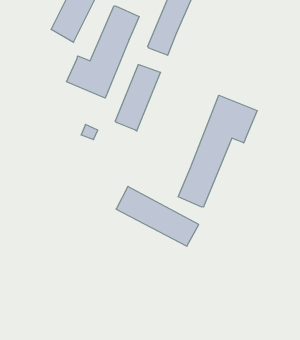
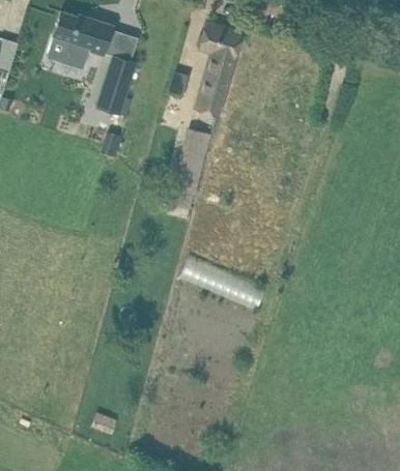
building: [67,6,139,98] -> none
building: [178,95,257,207] -> none

